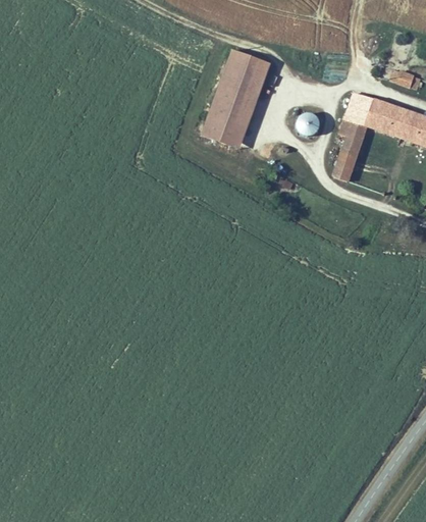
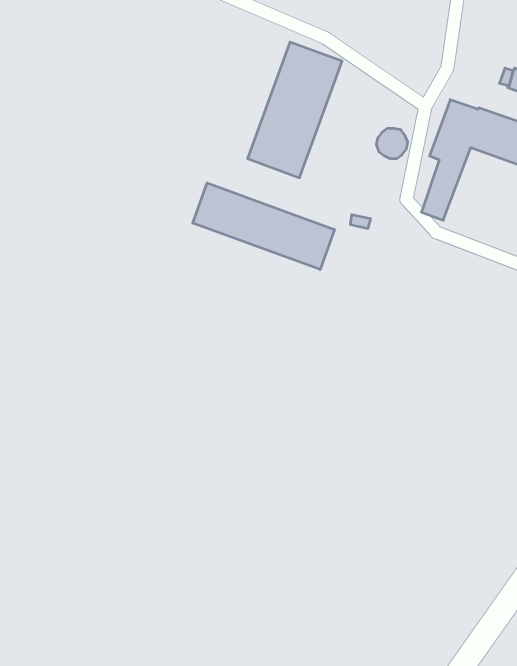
building: none -> [193,183,334,270]

